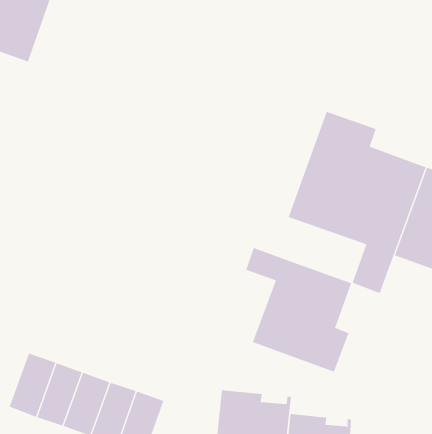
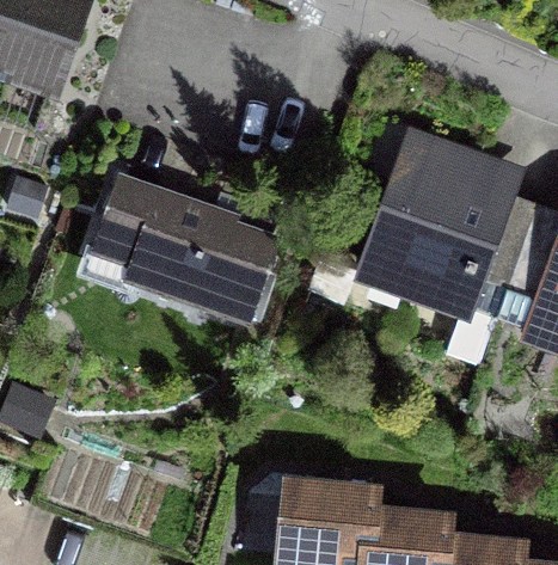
building: none -> [76,173,271,321]
building: [246,247,352,373] -> none

